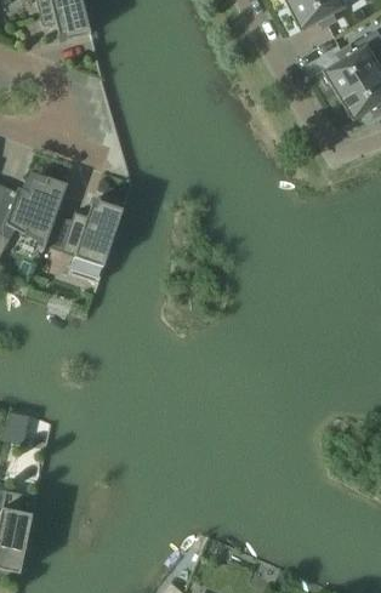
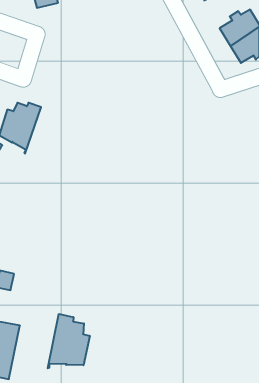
building: [62,198,124,281] -> none
building: none -> [48,314,90,368]

